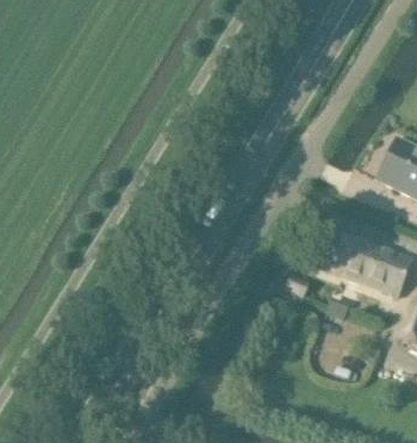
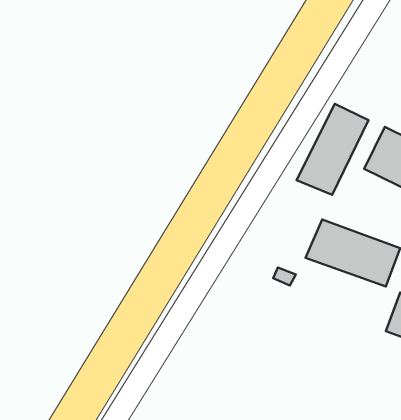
building: none -> [297,104,369,195]

